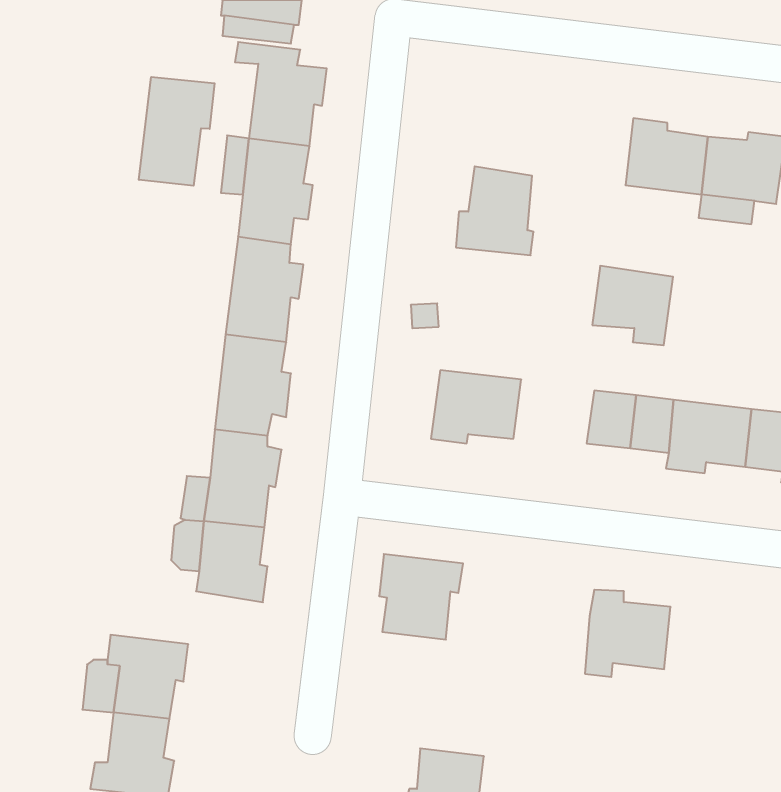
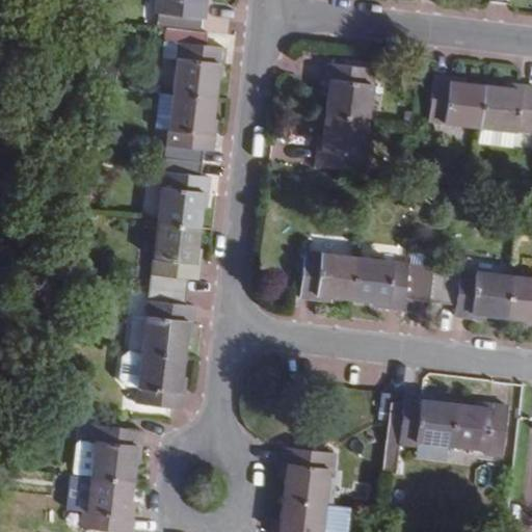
building: [139,77,215,186] -> none
building: none -> [324,60,376,119]
building: [592,266,673,345] -> [352,256,406,309]
building: [379,554,463,640] -> [288,450,344,507]
building: none -> [453,405,509,462]

